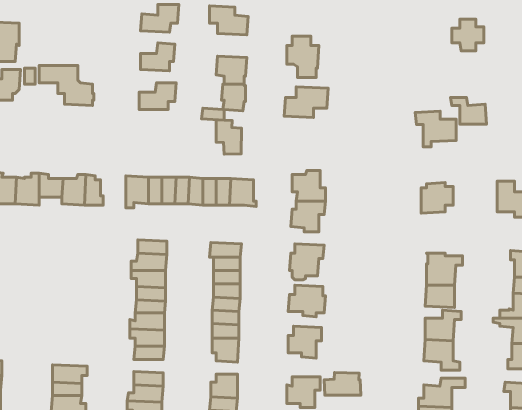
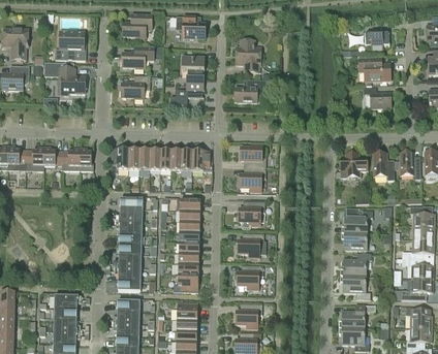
building: none -> [55,28,86,60]
building: [415,111,456,147] -> [357,57,389,85]
building: [216,120,242,154] -> none
building: none -> [372,153,394,181]
building: [324,372,361,395] -> none

